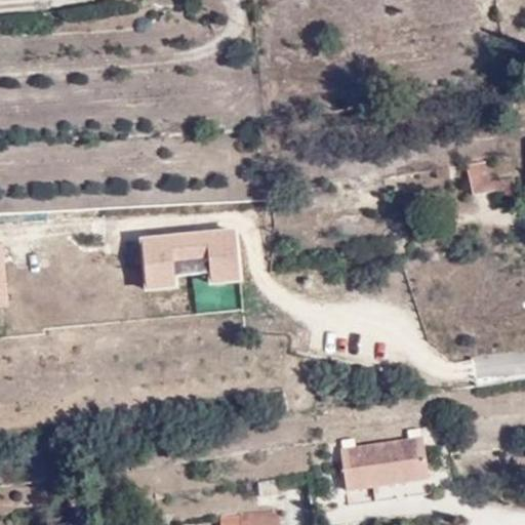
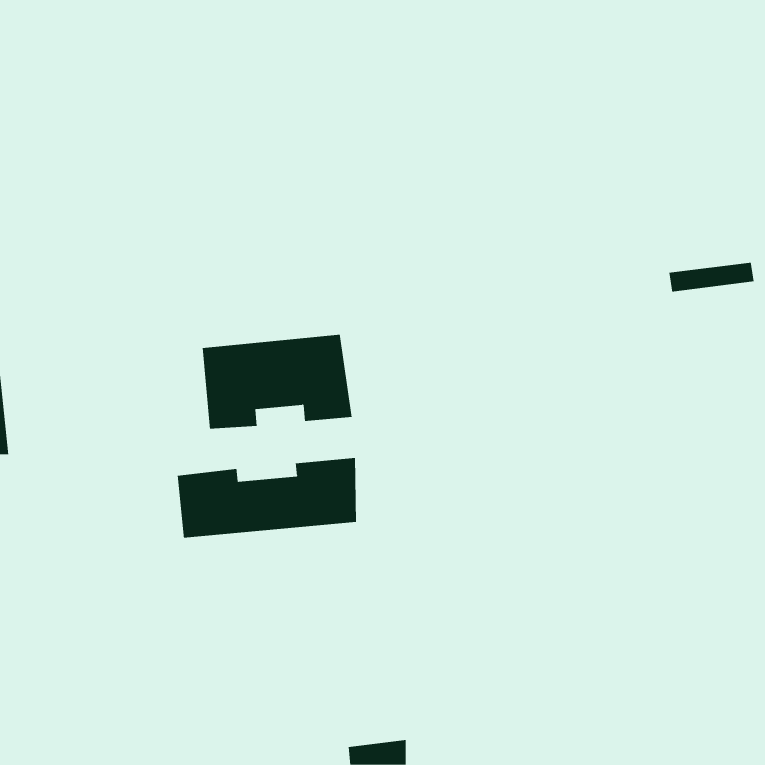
building: none -> [177,457,356,539]
building: [337,435,426,488] -> none

